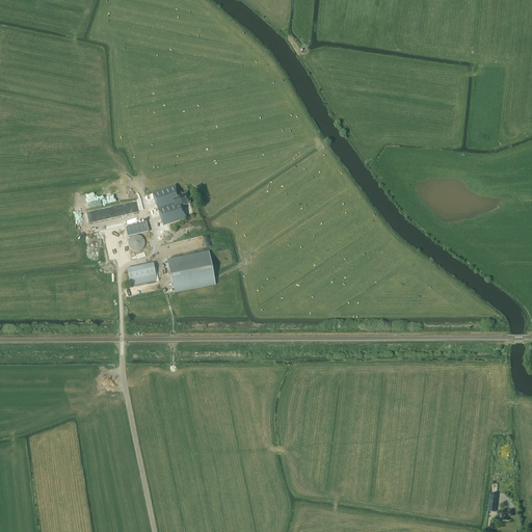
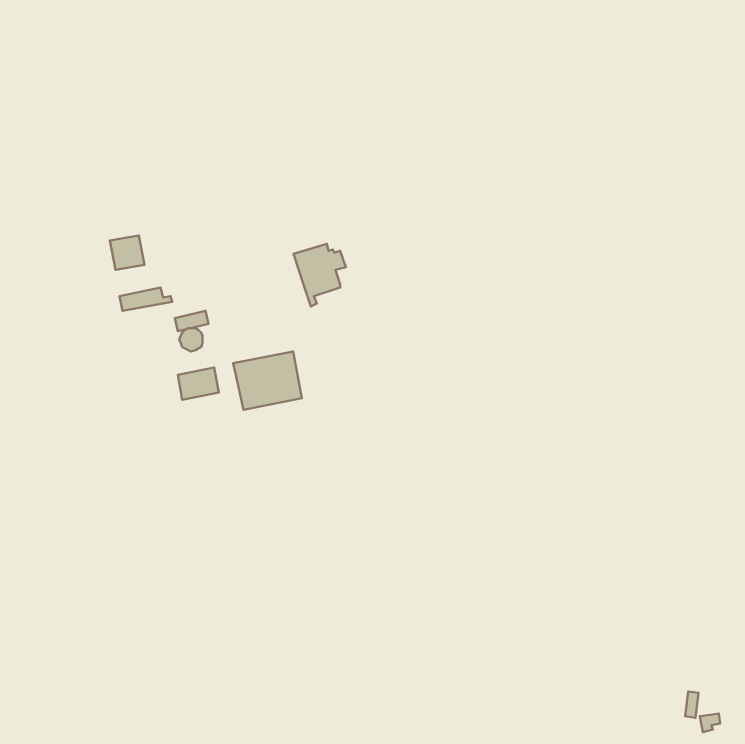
building: none -> [110,235,144,270]
building: [153,186,190,231] -> [293,244,346,306]

